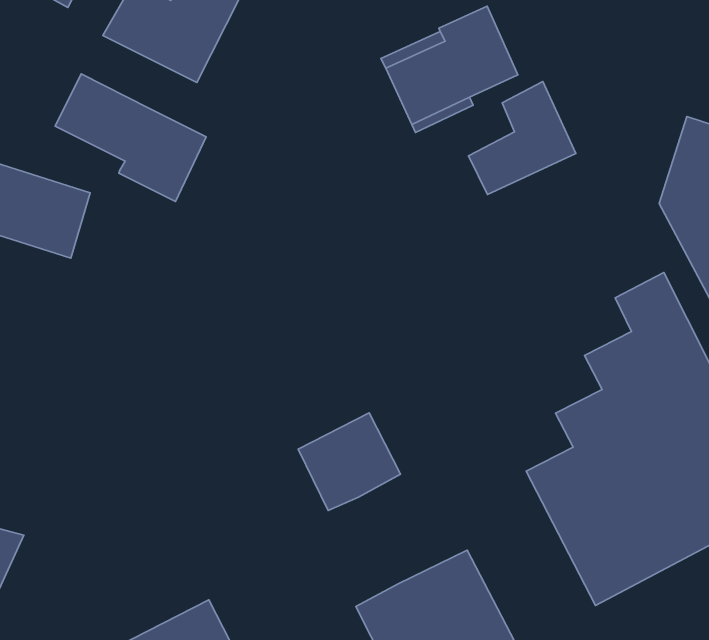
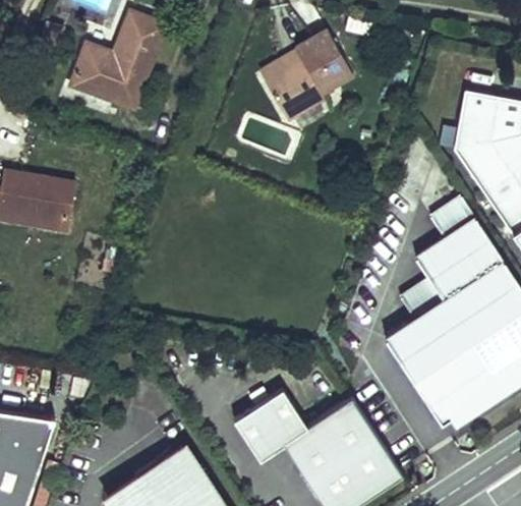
building: [55,74,206,201] -> none
building: [469,82,576,195] -> none
building: [298,413,401,511] -> [238,387,308,455]

